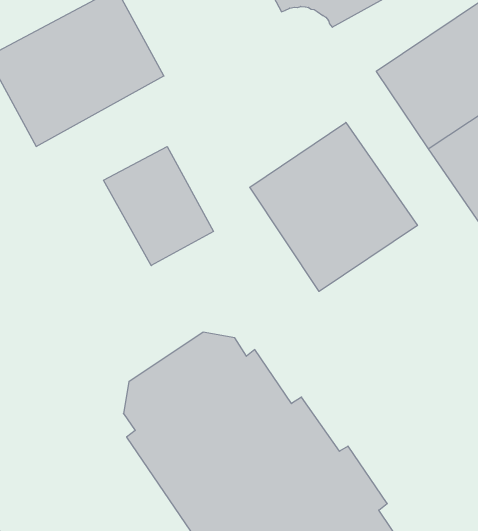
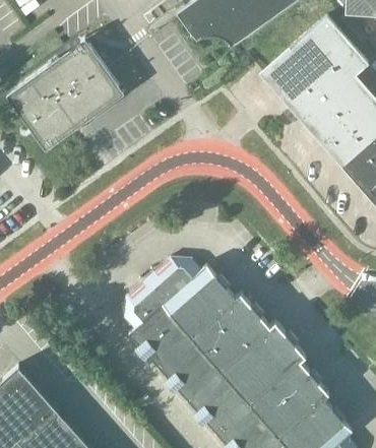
building: [250,122,417,291] -> none
building: [104,147,213,266] -> none

